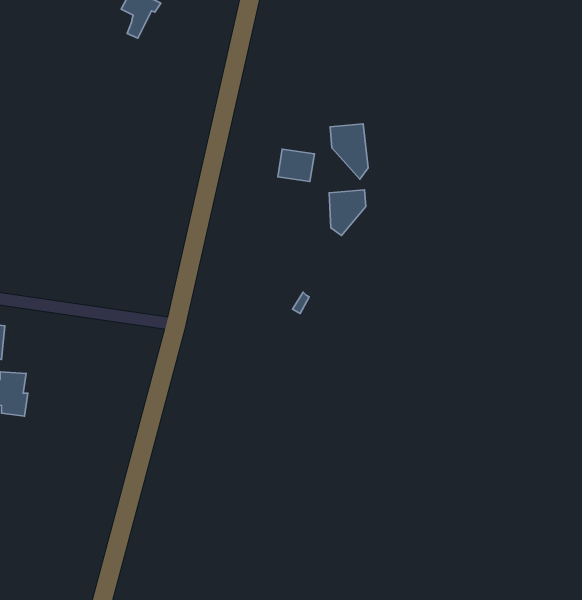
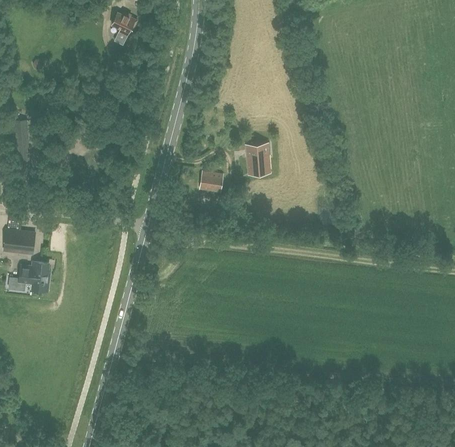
building: [330,124,368,179] -> none
building: [278,149,314,181] -> [198,171,222,192]

